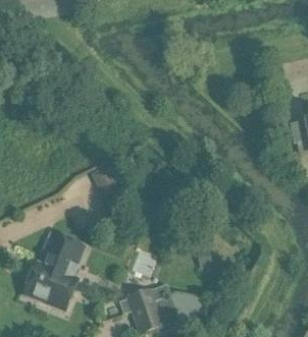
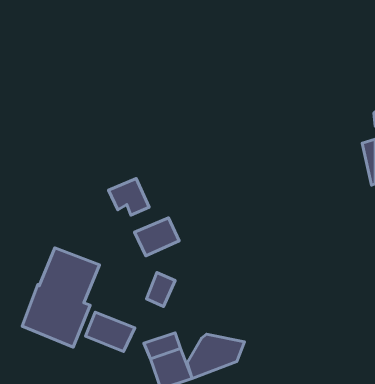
building: none -> [135,218,179,256]
building: none -> [86,312,135,352]

